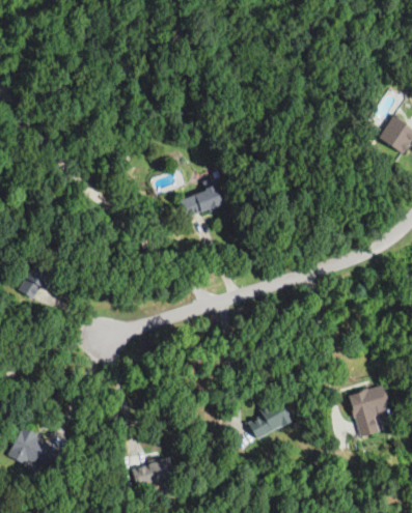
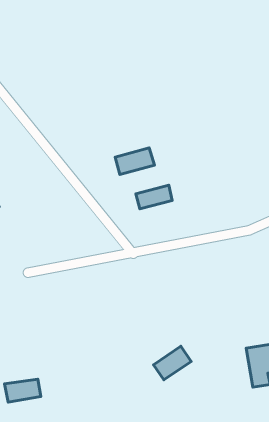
building: none -> [136,185,172,209]
building: [132,458,173,487] -> [5,379,41,402]

